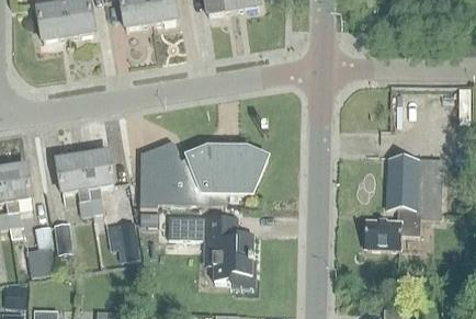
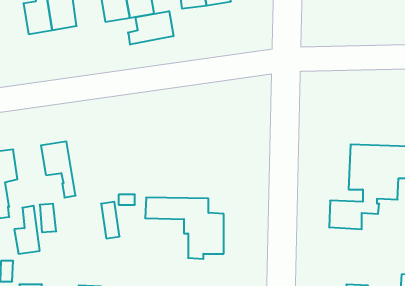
building: none -> [128,11,173,45]
building: [139,138,268,207] -> none
building: [83,151,114,214] -> none

